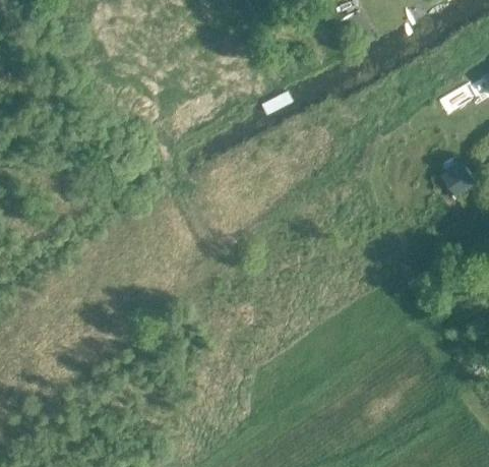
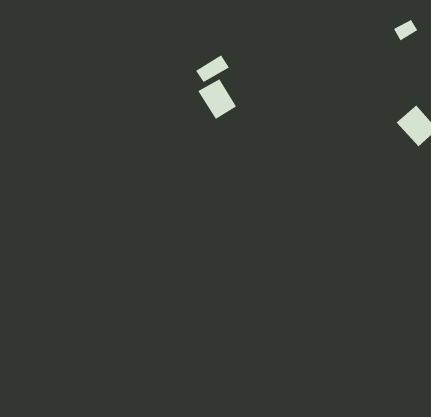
building: none -> [198,79,237,120]

